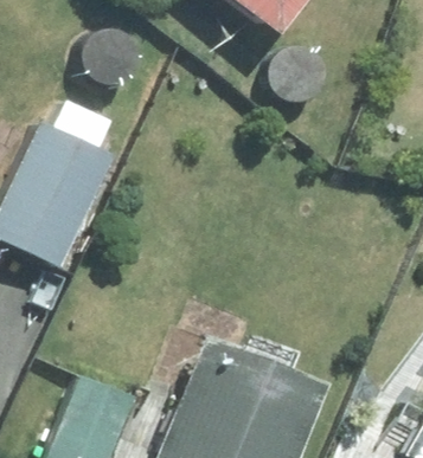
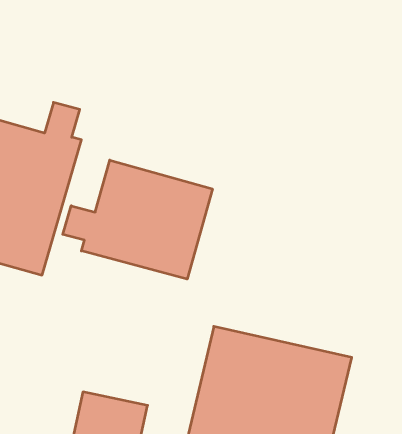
building: none -> [63,160,212,279]

